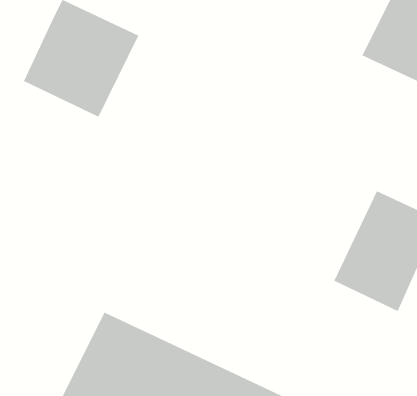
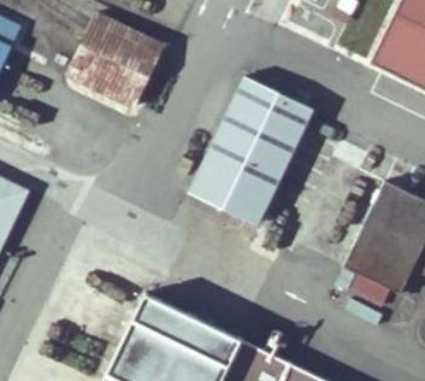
building: none -> [184,80,308,225]

